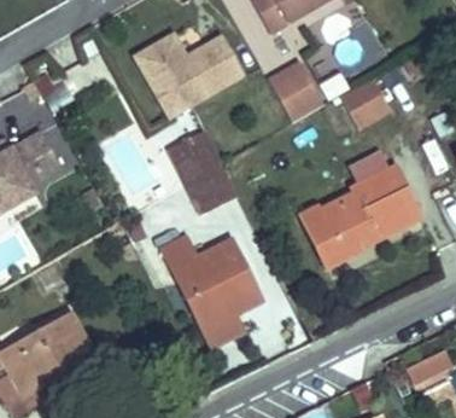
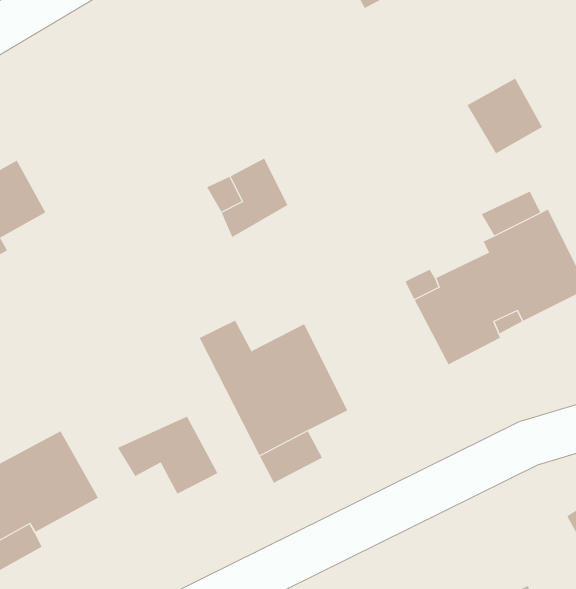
building: [135,33,241,111] -> none
building: [268,62,323,122] -> none
building: [183,162,236,215] -> none
building: none -> [117,416,218,494]

